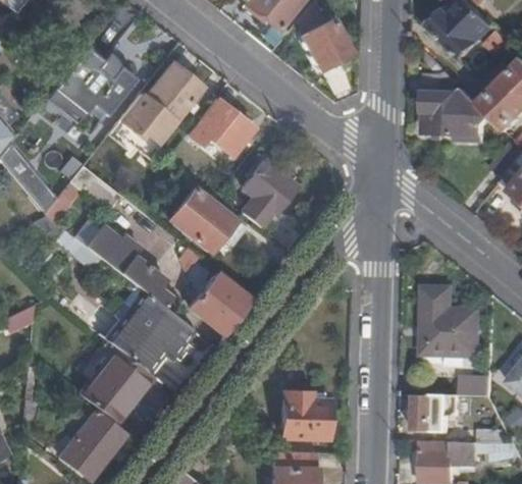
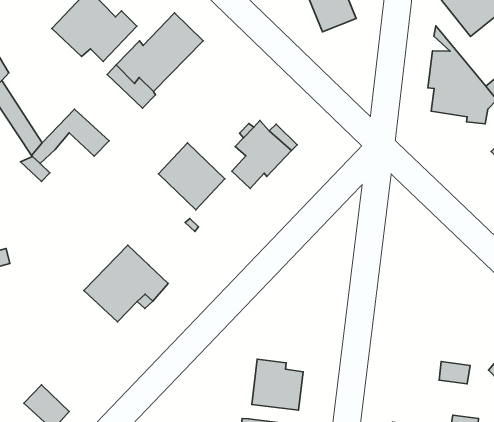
building: [187,97,254,155] -> none
building: [88,226,174,311] -> none
building: [192,272,253,336] -> none
building: [423,286,480,356] -> none
building: [82,340,154,423] -> none
building: [417,396,459,431] -> none
building: [76,412,126,461] -> none

